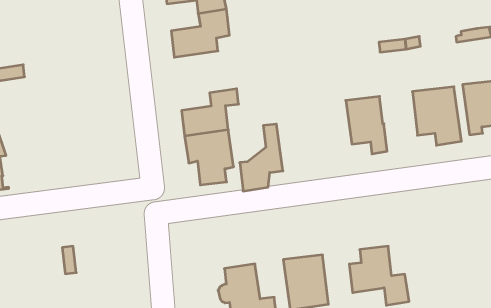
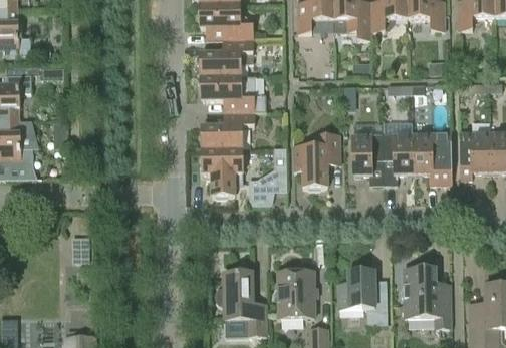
building: none -> [201,75,266,112]
building: none -> [383,132,413,184]
building: none -> [294,133,340,187]
building: none -> [404,268,451,327]

